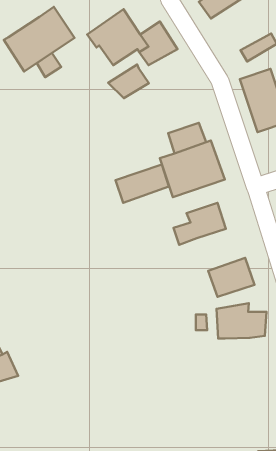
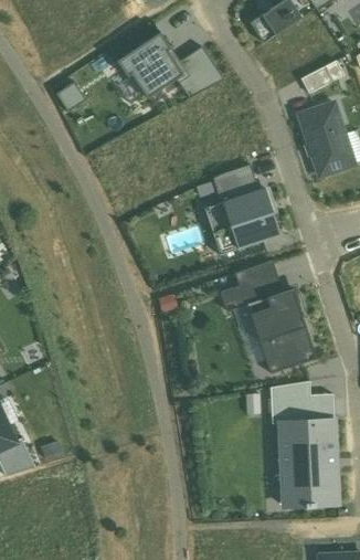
building: [4,7,75,71] -> none
building: [108,64,149,98] -> none
building: [116,165,169,203] -> none
building: none -> [246,287,304,341]
building: none -> [279,420,335,506]

